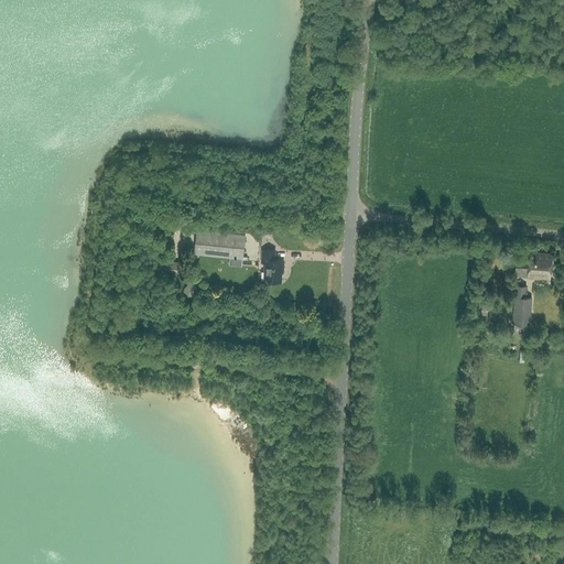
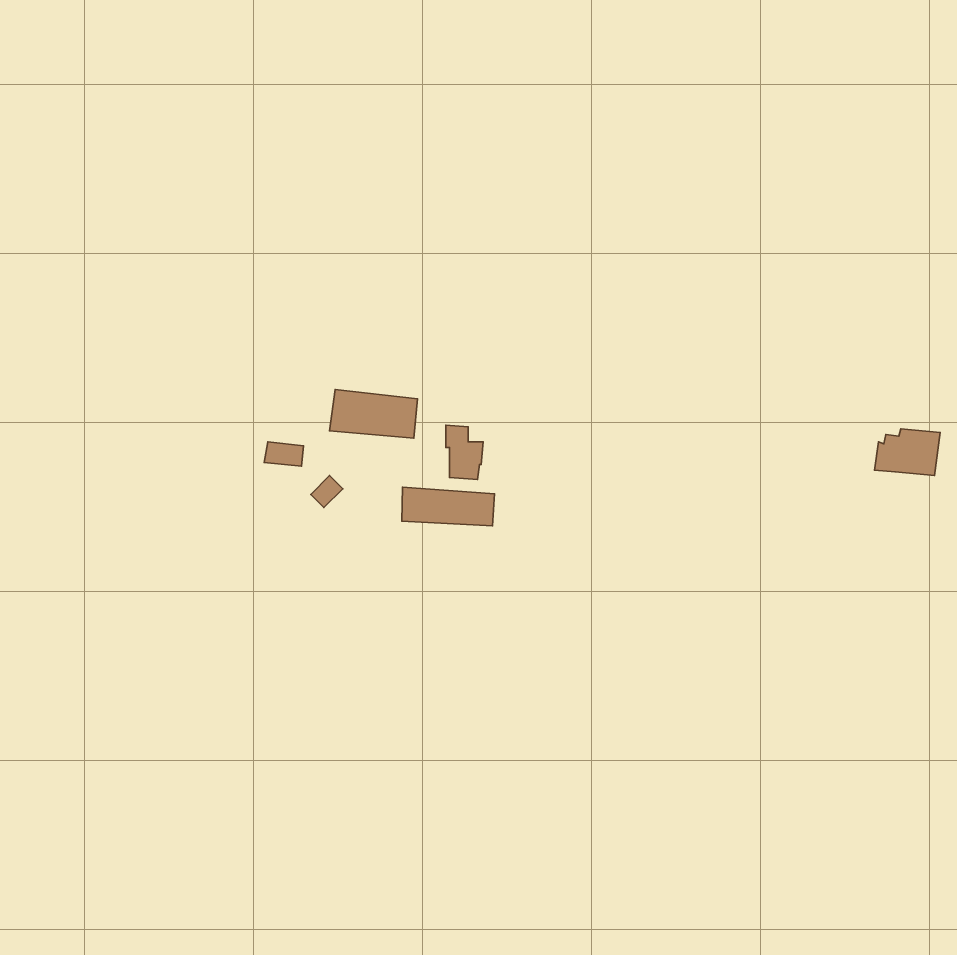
building: [512,286,532,327] -> none
building: none -> [402,487,495,526]

